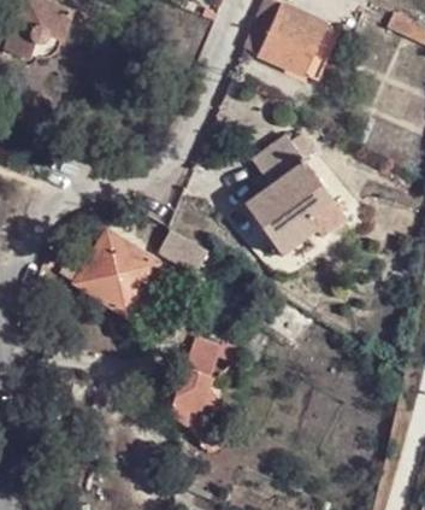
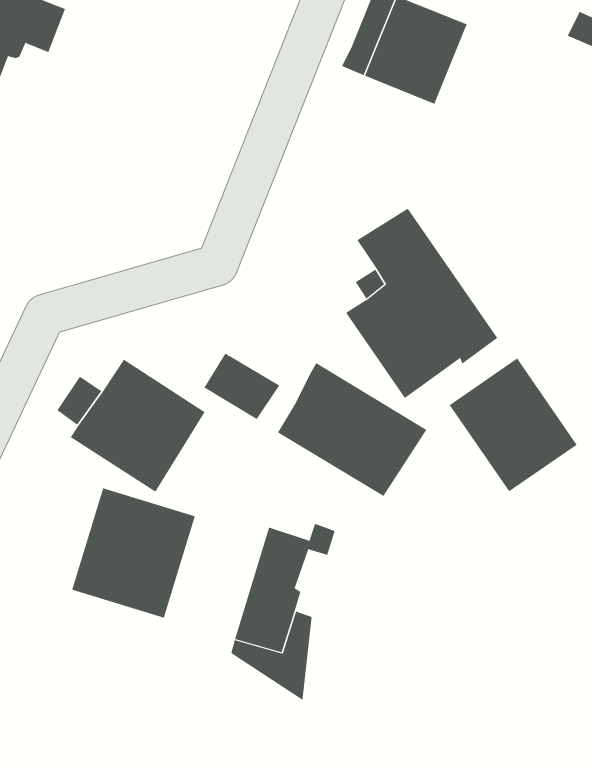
building: none -> [449,358,577,492]
building: none -> [277,362,427,497]
building: none -> [71,488,196,618]

